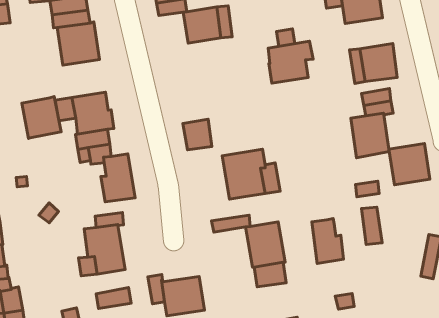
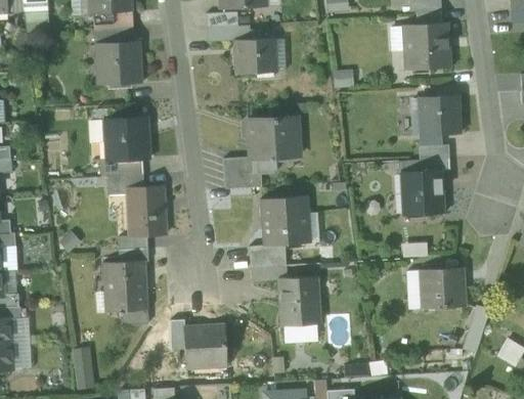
building: [268,41,313,83] -> [250,117,298,158]
building: [22,97,61,138] -> none
building: [389,144,430,185] -> [423,268,464,309]
building: none -> [243,245,285,267]
building: [312,218,343,263] -> none
building: [96,287,131,309] -> none

